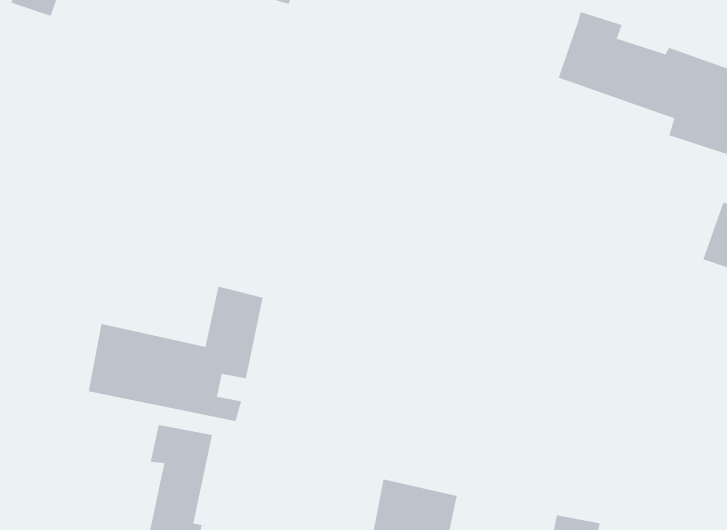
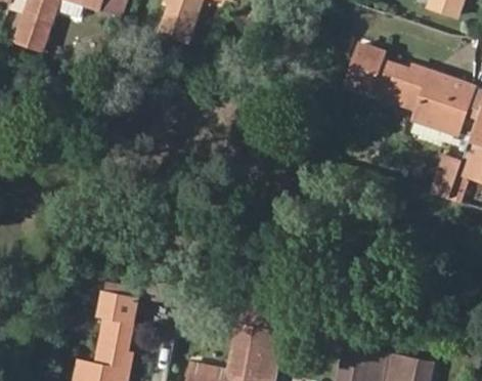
building: [88,286,263,422] -> none

